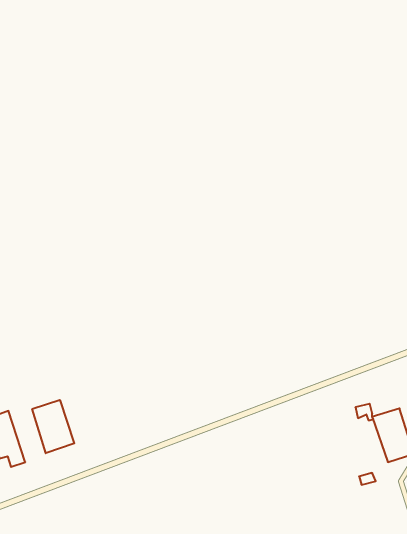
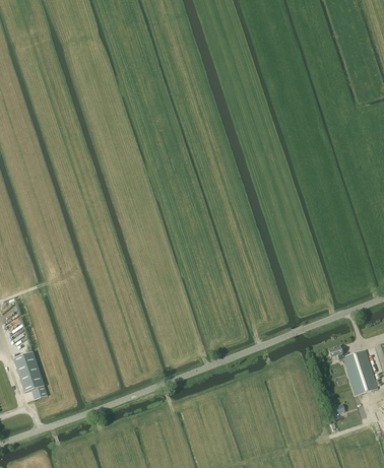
building: [32,400,74,453] -> none

